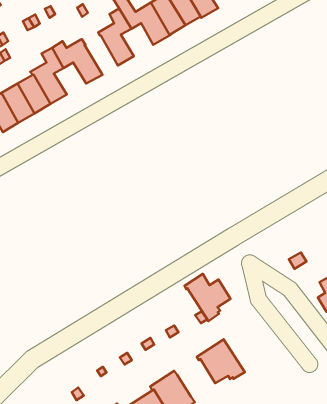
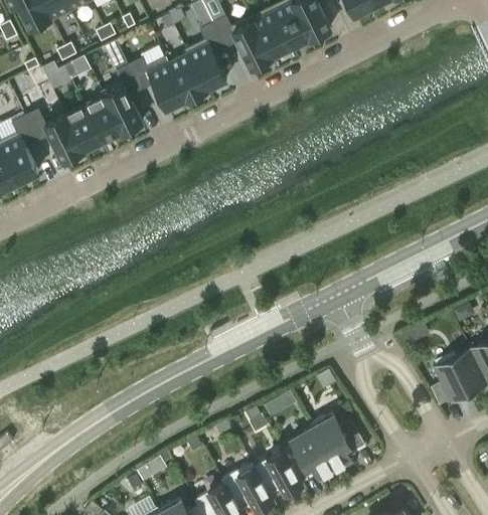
building: none -> [168,54,206,102]
building: [184,274,230,321] -> [310,412,364,470]
building: none -> [255,451,303,497]

